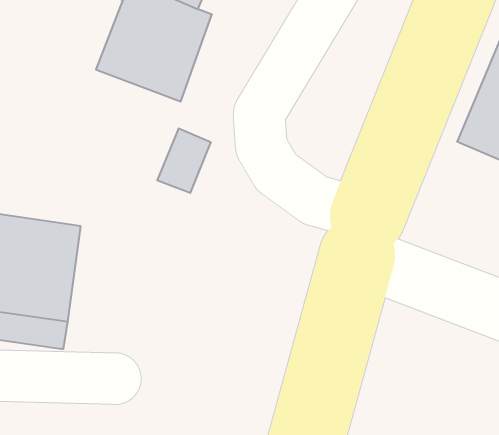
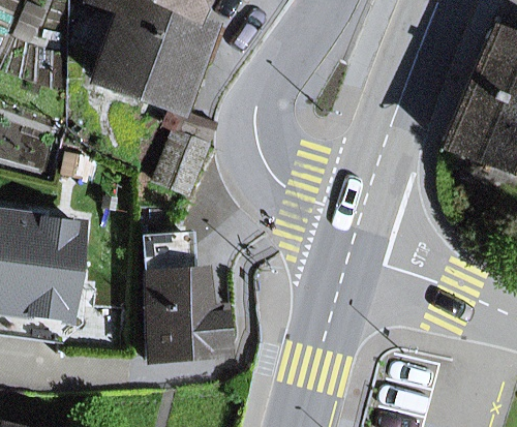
building: none -> [144,233,223,358]

